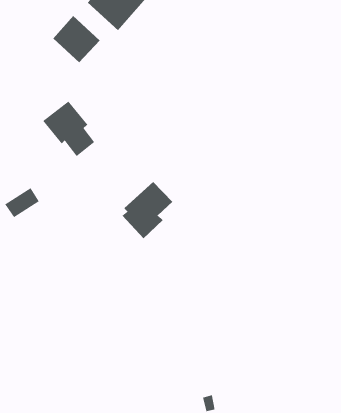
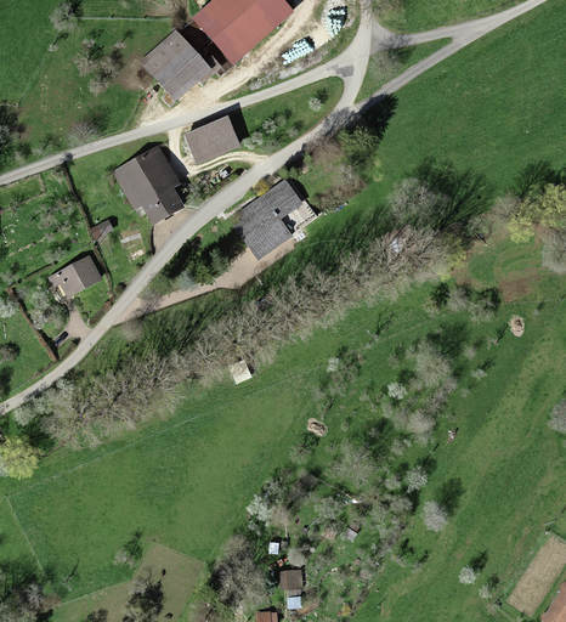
building: none -> [186,117,240,163]
building: [122,181,173,239] -> [237,182,309,259]

